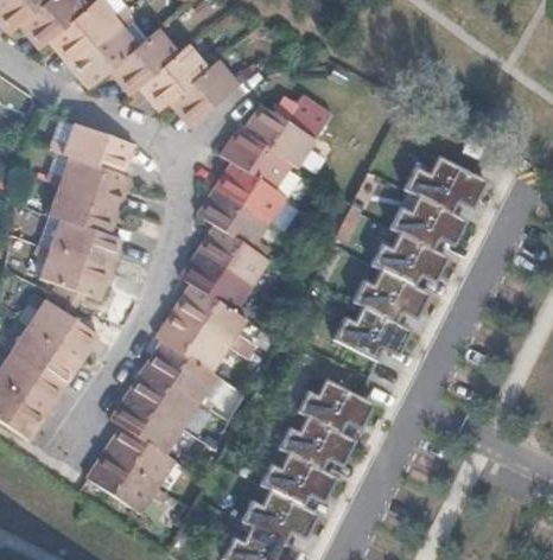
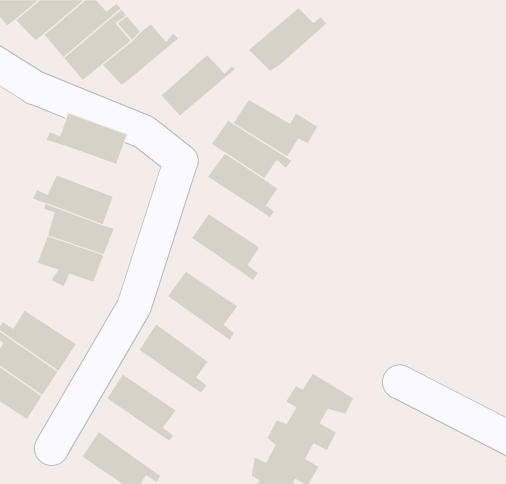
building: [134,40,216,107] -> [248,7,327,72]
building: [46,152,129,204] -> none
building: [337,165,482,363] -> none
building: [198,184,273,253] -> none
building: [182,247,254,318] -> none
building: [26,291,98,357] -> none
building: [157,307,240,371] -> none
building: [128,363,199,433] -> none
building: [103,420,189,486] -> none

